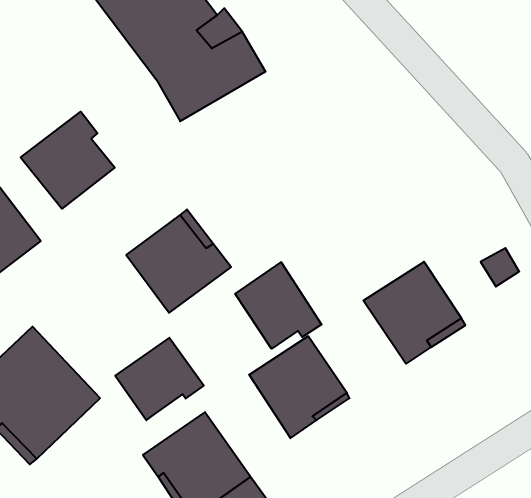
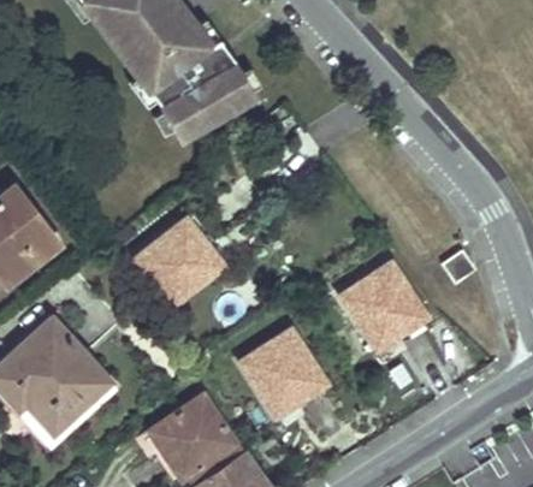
building: [21,112,115,209] -> none
building: [235,262,322,349] -> none
building: [115,338,204,420] -> none

